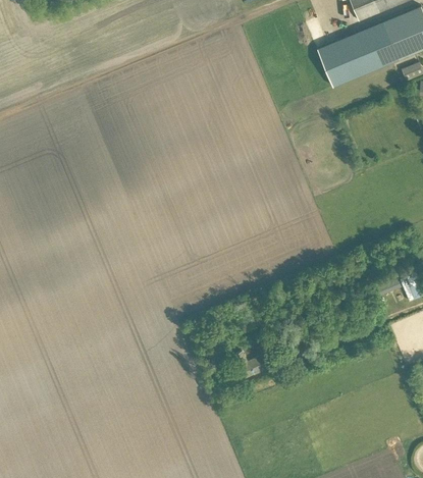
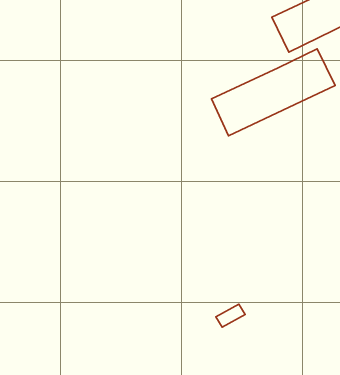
building: none -> [212,49,335,136]

